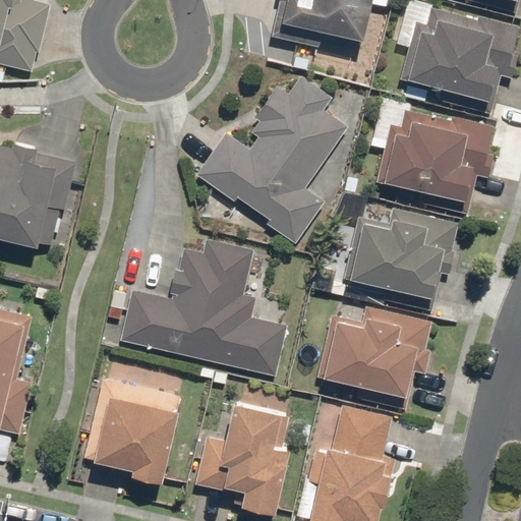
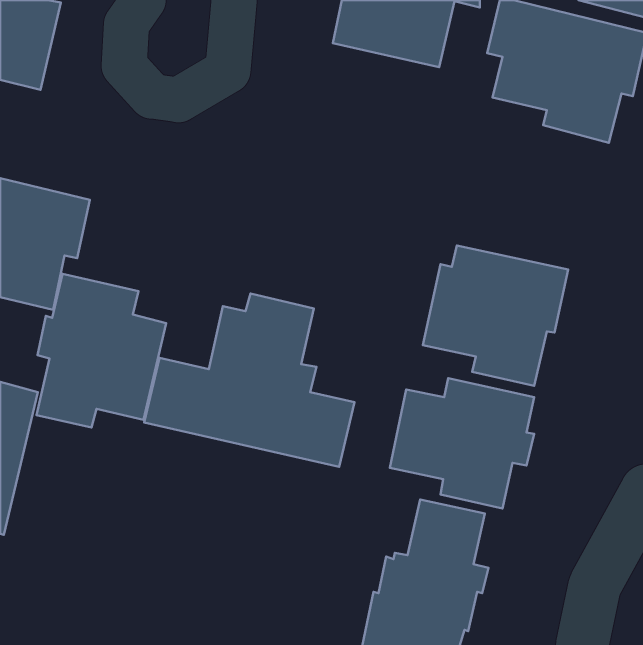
building: [195,74,349,244] -> none
building: [374,110,503,215] -> none
building: none -> [37,274,166,427]
building: [81,378,180,484] -> none
building: [194,404,290,515] -> none

